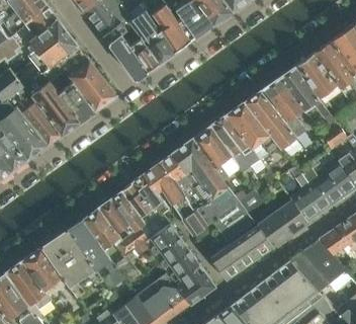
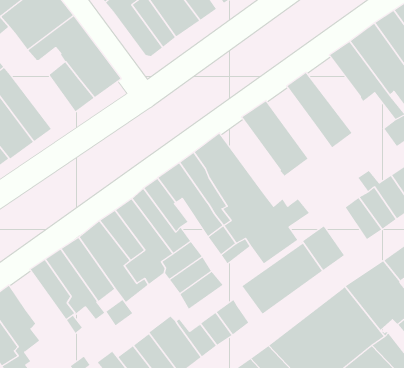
building: [263,77,309,142] -> none
building: [28,81,79,135] -> none
building: [229,101,270,158] -> none
building: [192,126,240,186] -> none
building: [274,196,307,234] -> none
building: [27,245,79,298] -> none

